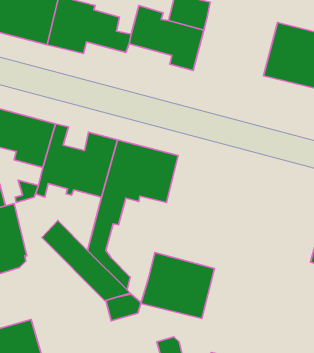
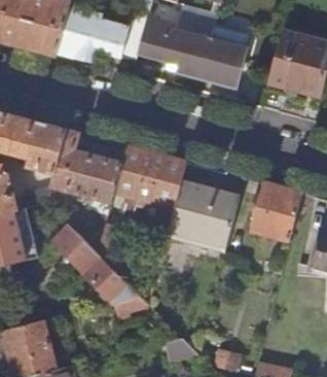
building: none -> [198,27,247,88]
building: none -> [249,181,300,239]
building: [141,253,214,319] -> [166,181,237,245]

